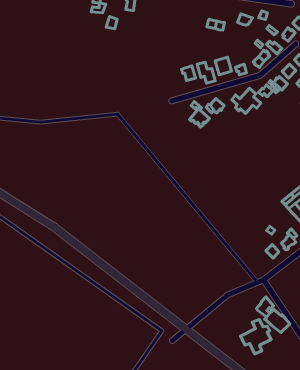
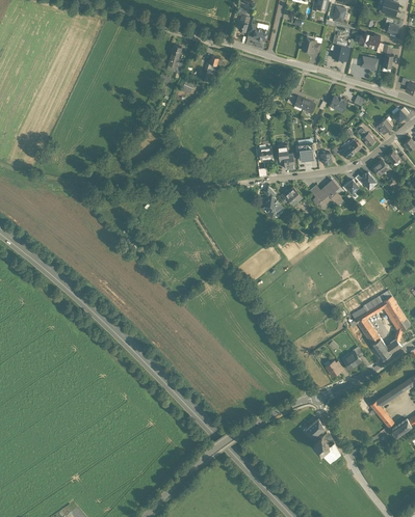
building: [241,319,271,354] -> none

